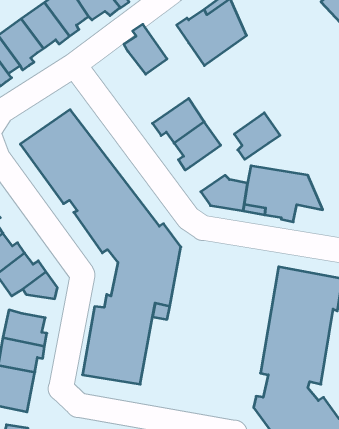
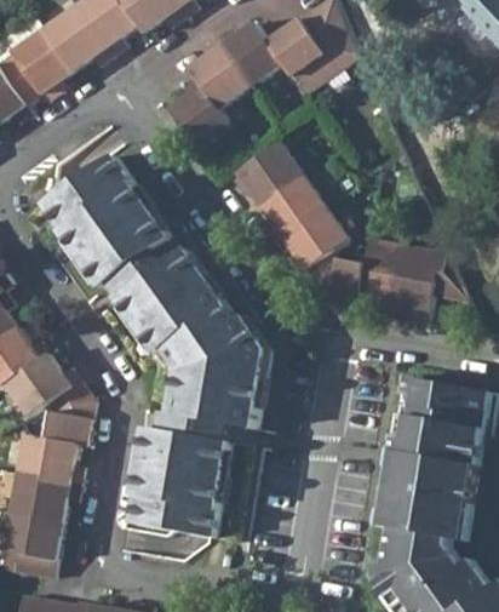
building: none -> [213,22,277,85]
building: none -> [167,75,229,149]
building: [234,113,280,159] -> [280,206,344,271]
building: none -> [44,416,90,450]

